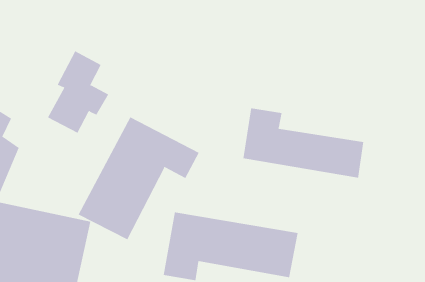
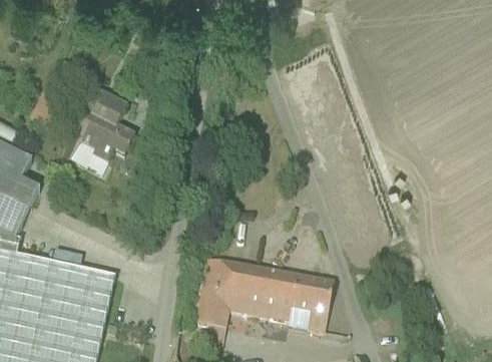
building: [243,107,364,179] -> none
building: [78,116,199,240] -> none

